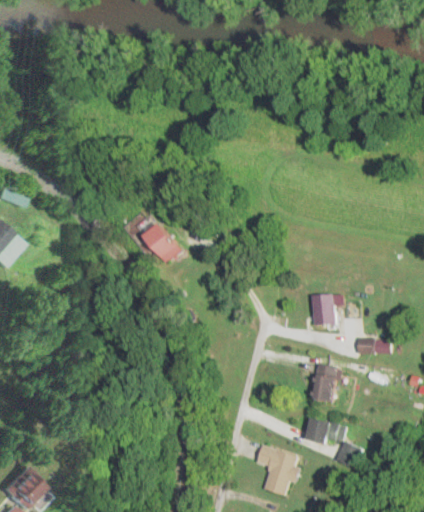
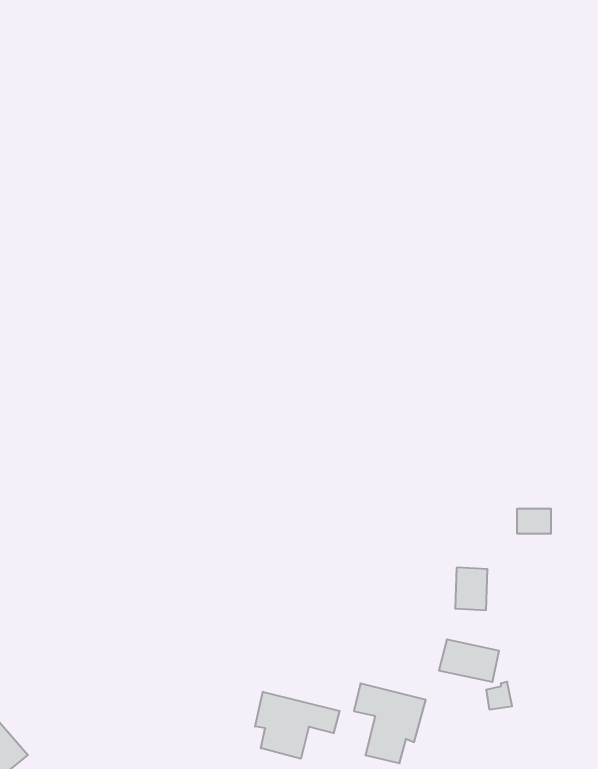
building: [147,223,183,263] -> none
building: [313,295,336,325] -> none
building: none -> [255,692,340,759]

